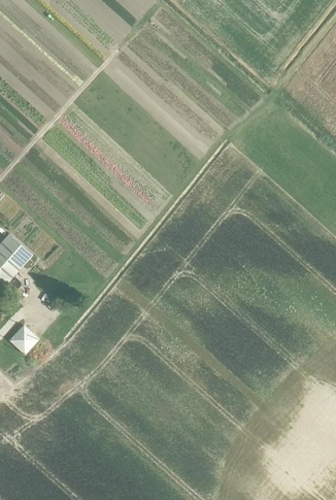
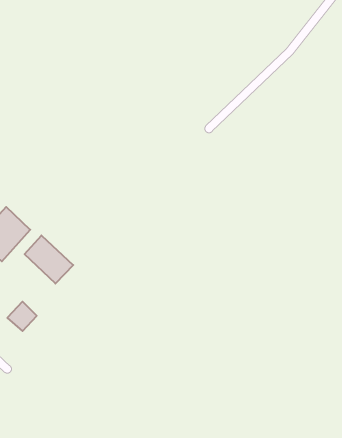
building: none -> [25,235,73,284]

